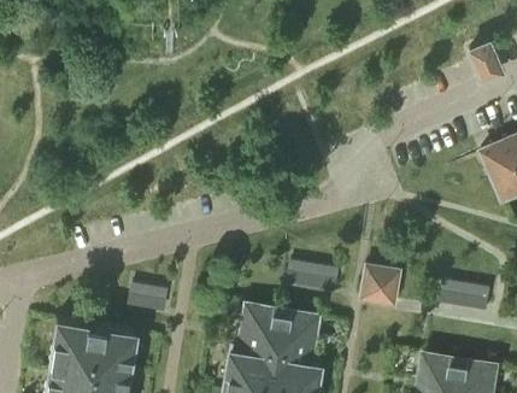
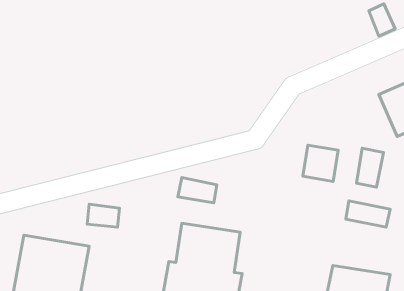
building: none -> [357,148,383,187]
building: [294,259,341,289] -> [178,178,217,203]
building: [363,262,405,305] -> [303,145,338,181]

